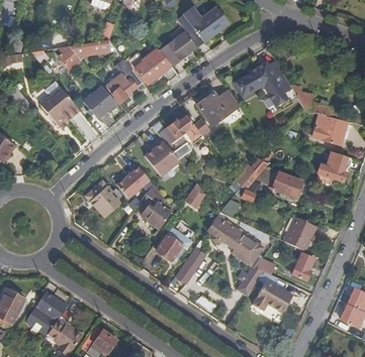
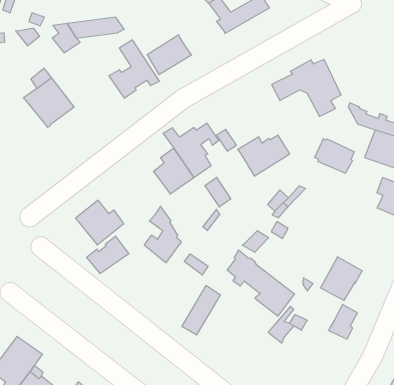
building: [161,30,196,64] -> none
building: [83,86,116,118] -> none
building: [197,93,239,126] -> [238,135,290,176]
building: [116,167,150,198] -> [87,236,129,274]
building: [269,172,300,199] -> [314,139,354,173]
building: [158,229,191,261] -> none
building: [252,281,292,315] -> none

